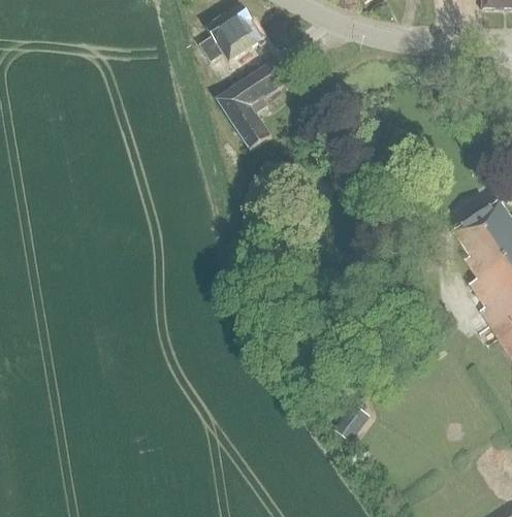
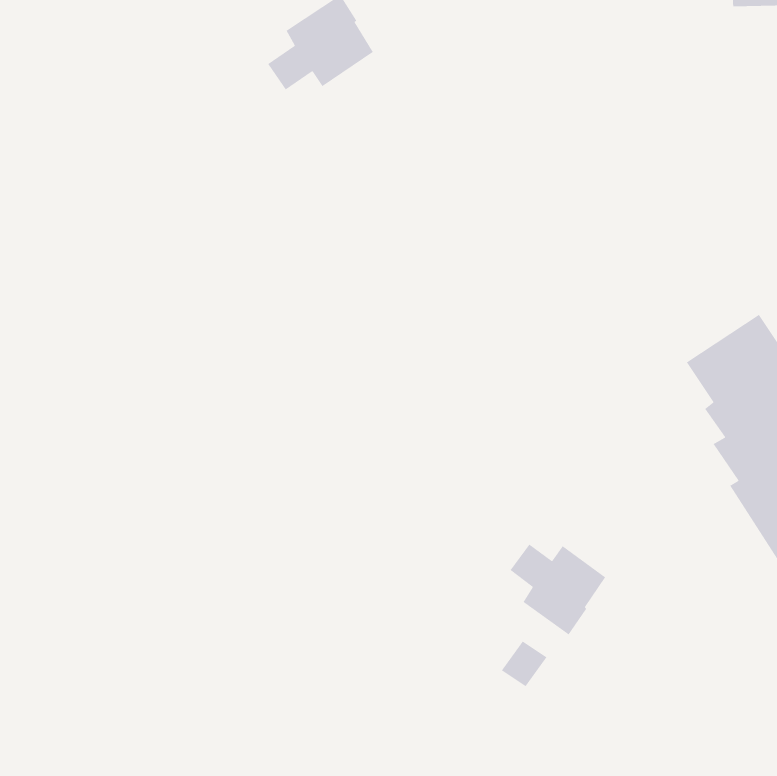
building: [216,58,291,150] -> none
building: none -> [509,544,606,636]

